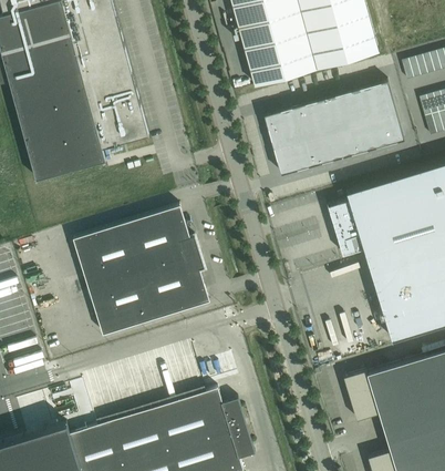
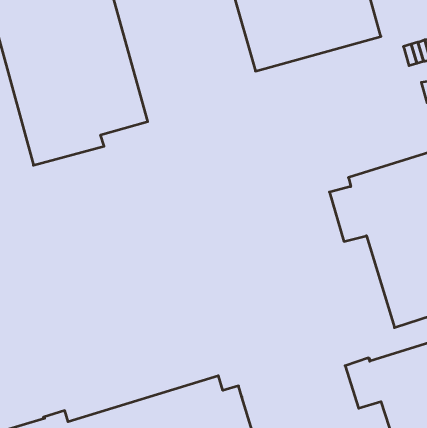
building: [265,83,405,176] -> none
building: [73,206,209,336] -> none

